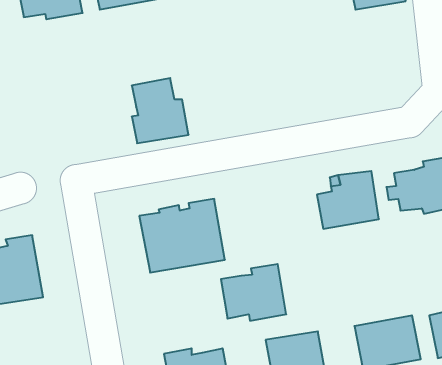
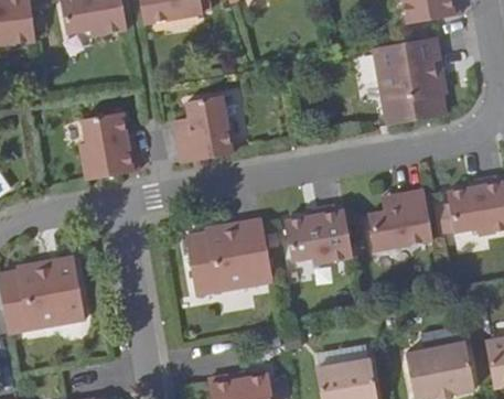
building: none -> [373,36,446,125]
building: none -> [81,112,138,180]
building: [221,264,286,321] -> [285,205,352,263]

